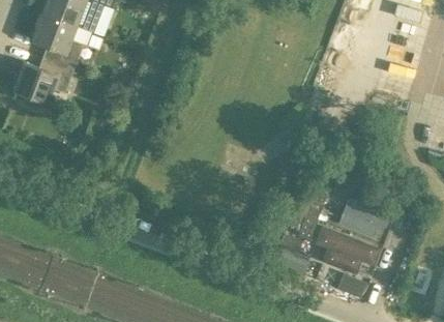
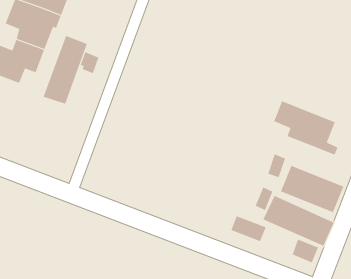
building: none -> [43,35,88,105]
building: none -> [273,100,338,156]

